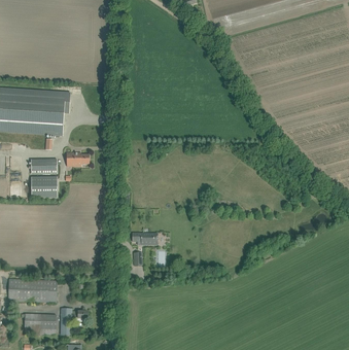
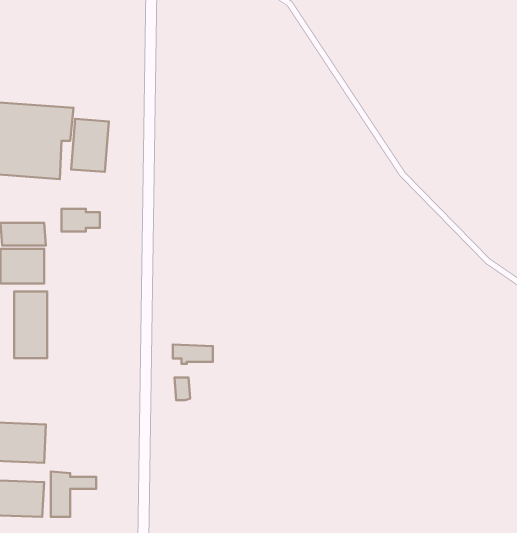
building: none -> [71,119,109,172]
building: none -> [14,291,47,358]

